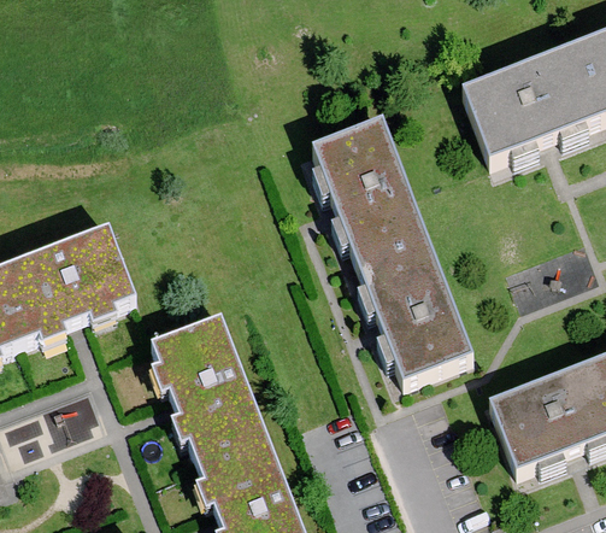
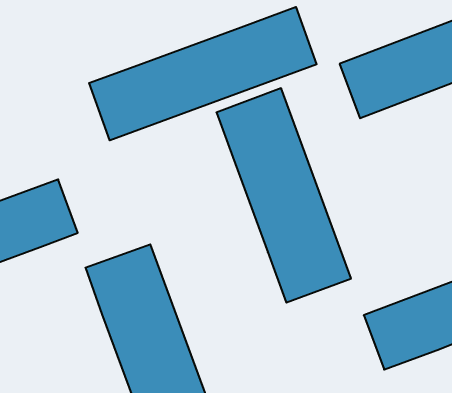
building: none -> [89,7,317,140]

